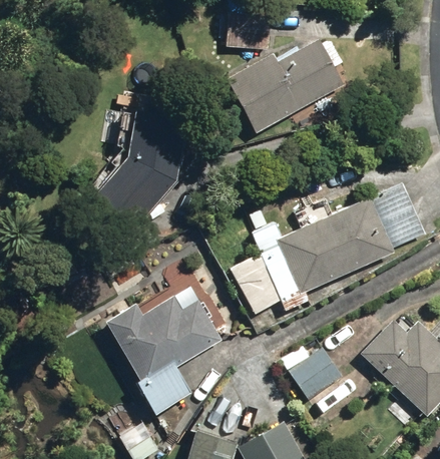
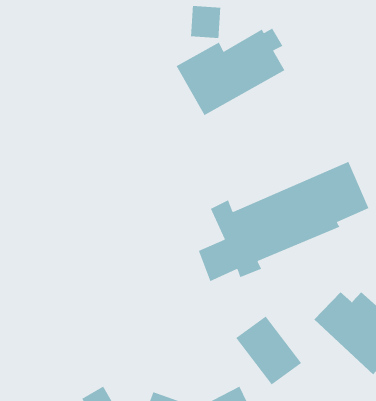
building: [93,107,186,232] -> none
building: [107,293,225,416] -> none

